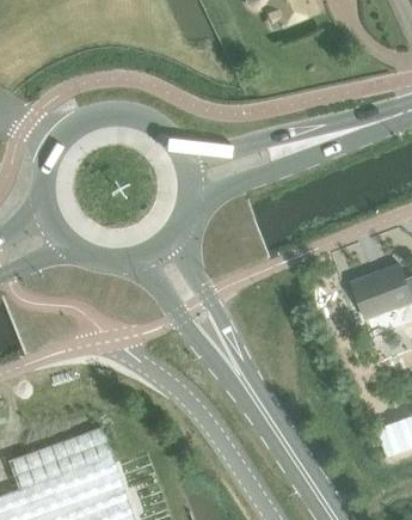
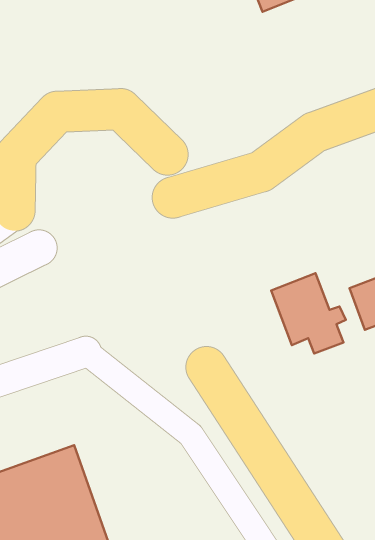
building: none -> [271,273,346,354]

